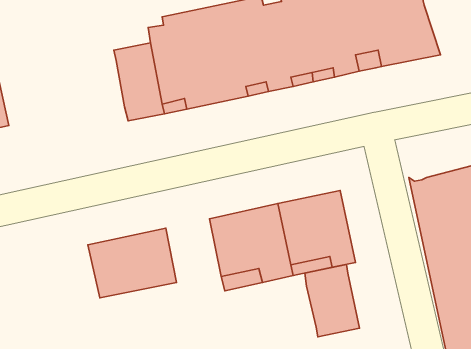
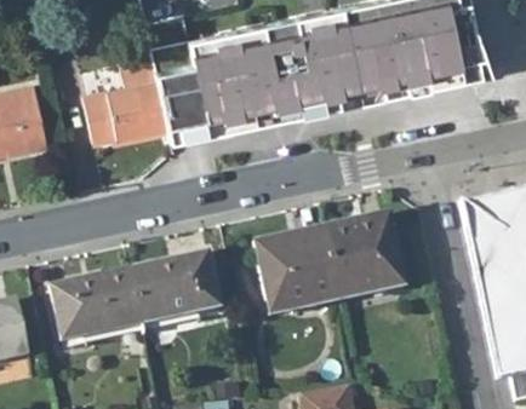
building: none -> [84,54,166,142]
building: none -> [48,267,141,340]
building: [305,264,359,337] -> none

